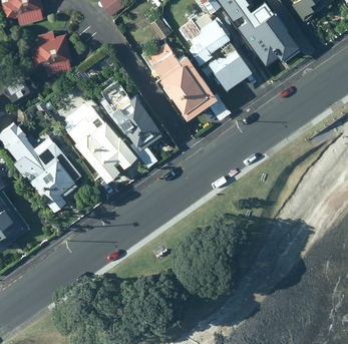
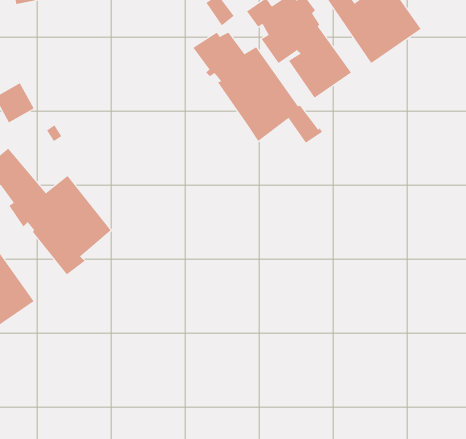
building: [28,31,70,76] -> none
building: [100,82,160,166] -> none
building: [63,104,135,183] -> none

